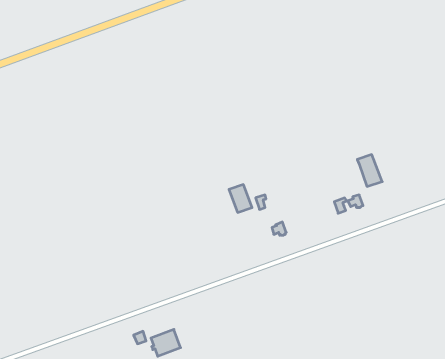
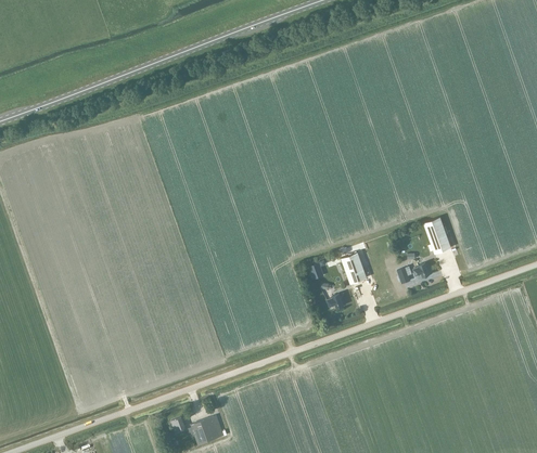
building: [229,185,252,212] -> [342,253,368,284]

